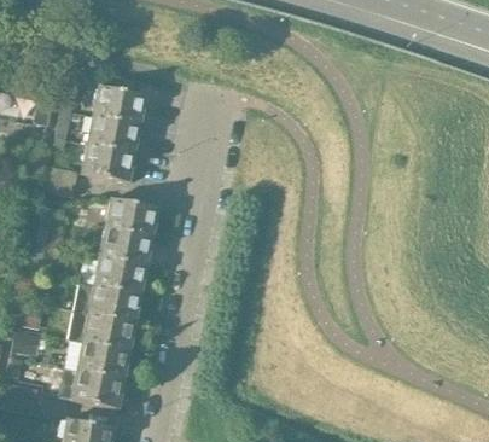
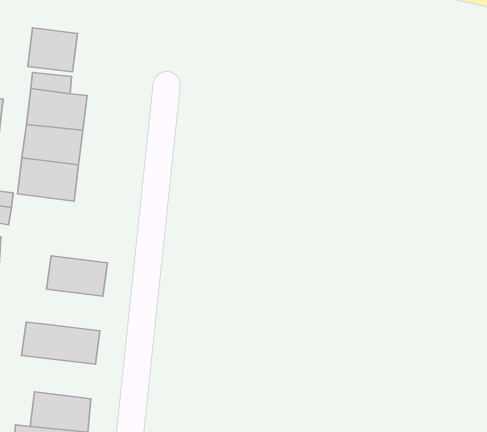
building: none -> [28,28,77,72]
building: [104,200,157,239] -> none
building: [92,257,145,296] -> none
building: [66,312,134,353] -> none

